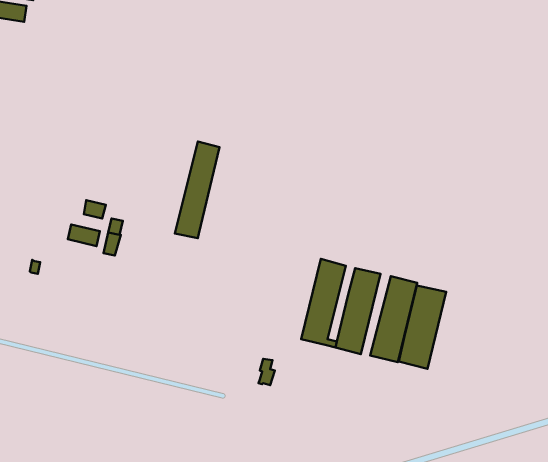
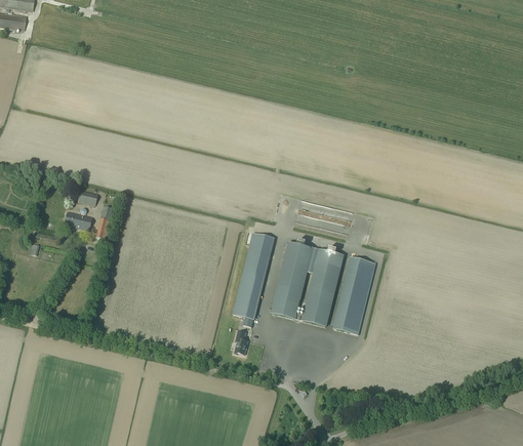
building: [175,141,220,238] -> [233,232,273,318]
building: [399,285,446,369] -> none

